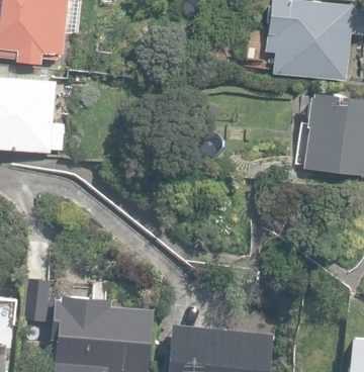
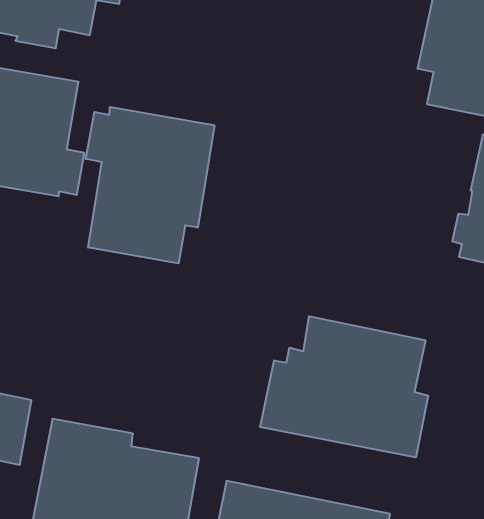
building: none -> [86,107,214,263]
building: none -> [260,316,428,457]

